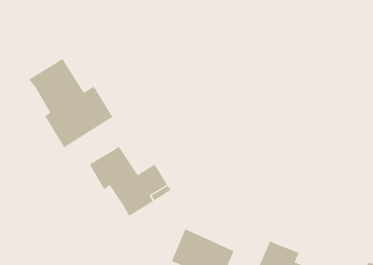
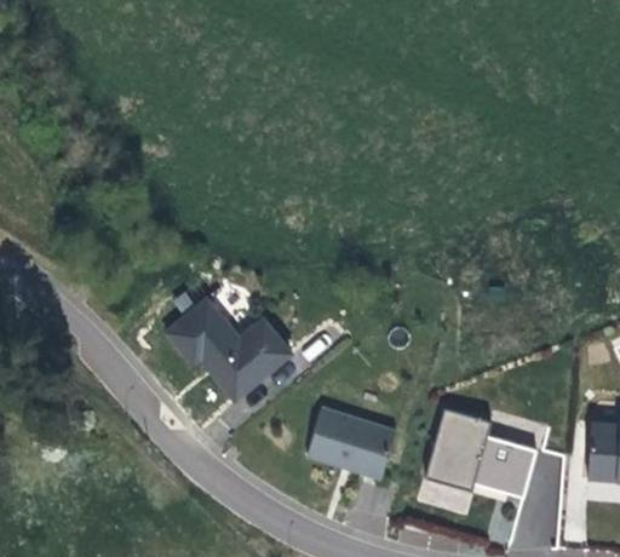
building: [29,58,113,148] -> none

